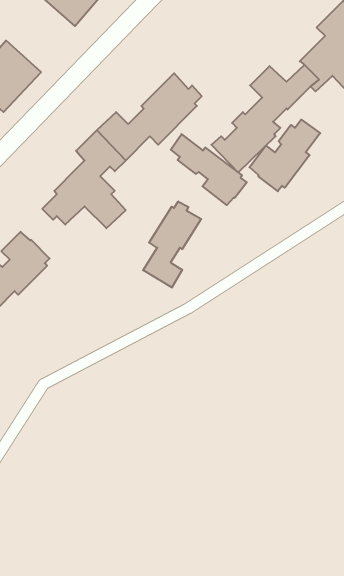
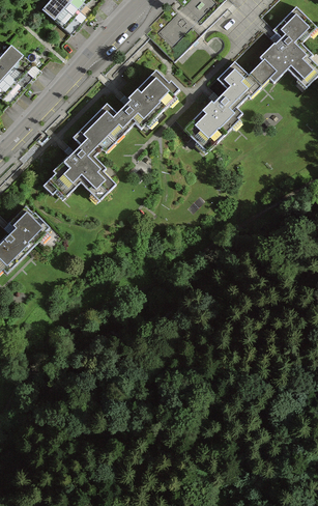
building: [249,120,320,191] -> none
building: [171,134,247,205] -> none
building: [143,201,201,288] -> none

